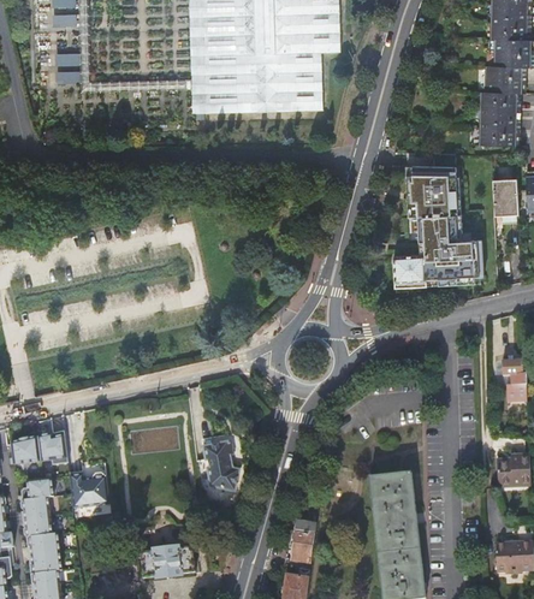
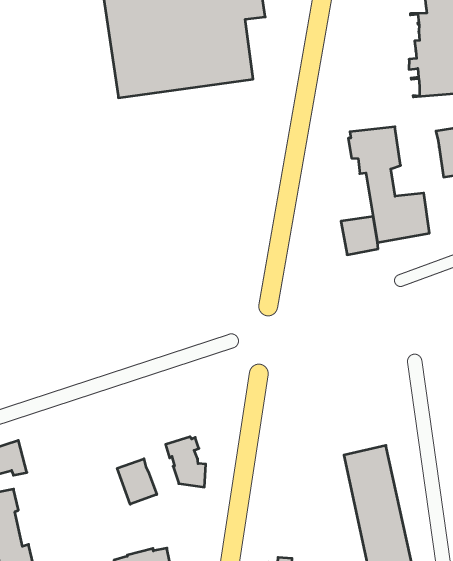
building: none -> [117,459,157,504]
building: [70,474,108,509] -> none
building: [292,523,316,565] -> none

